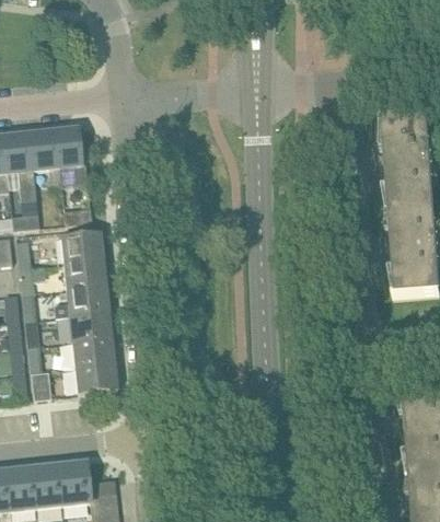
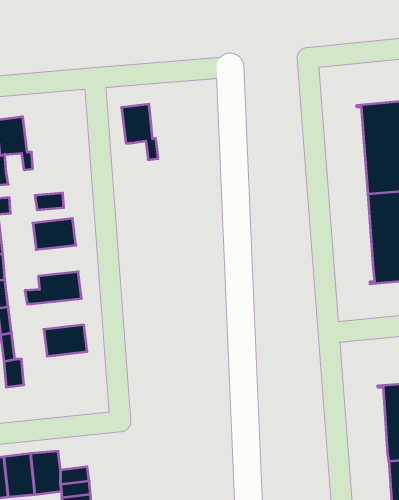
building: [49,128,85,183] -> [121,104,158,160]
building: [62,258,104,289] -> none
building: [58,311,109,343] -> none
building: [73,363,115,394] -> none

